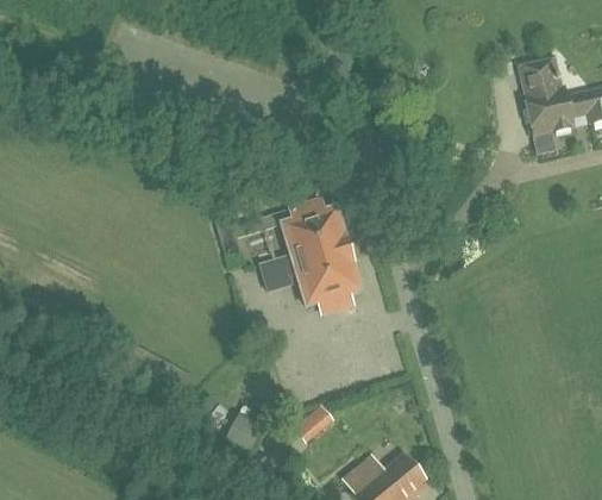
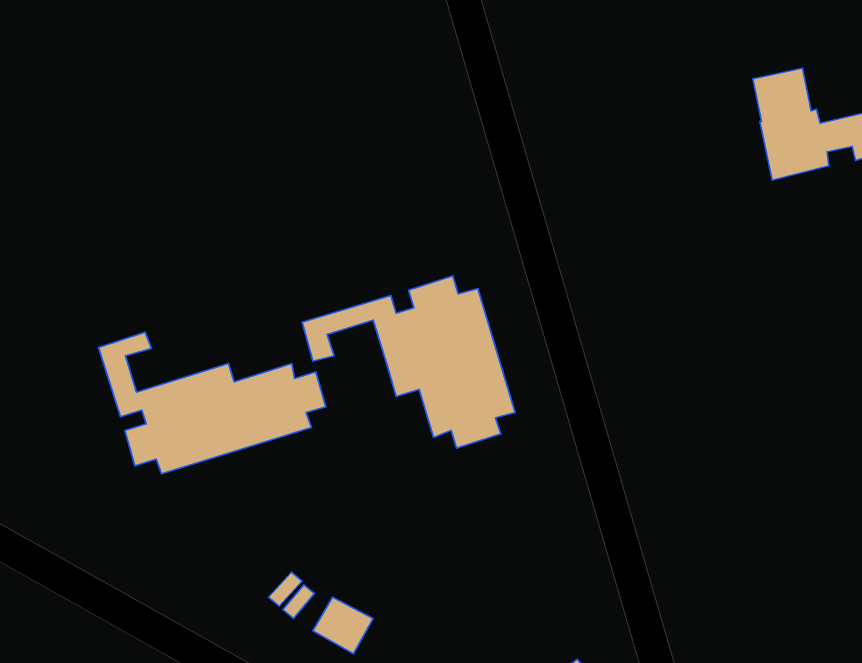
building: none -> [99,332,326,474]
building: [290,404,331,443] -> none

